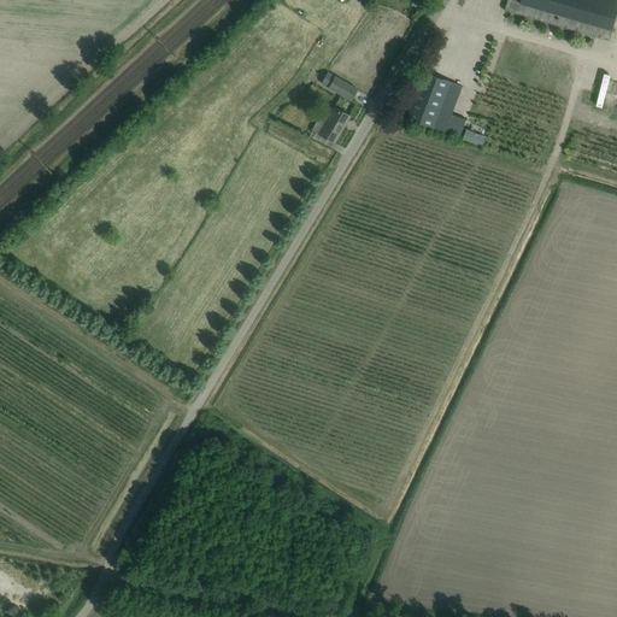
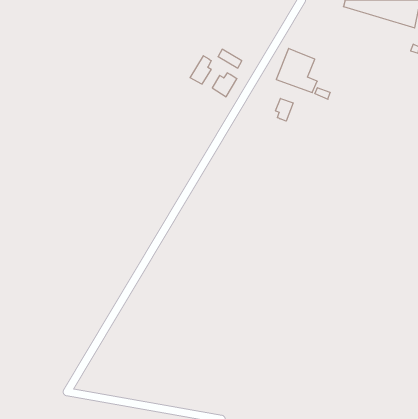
building: none -> [190,56,211,84]
building: none -> [276,98,293,121]

